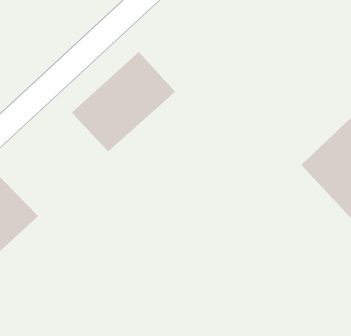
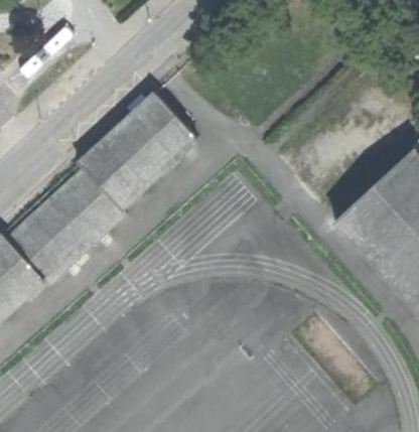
building: none -> [11,161,132,277]

